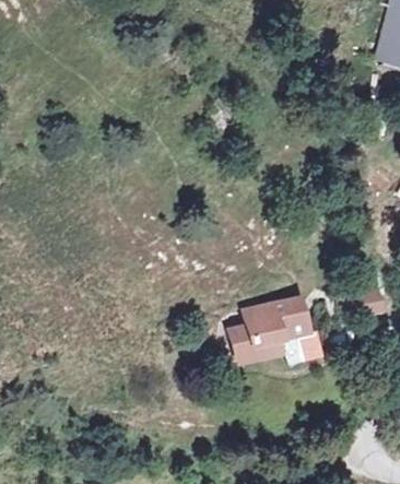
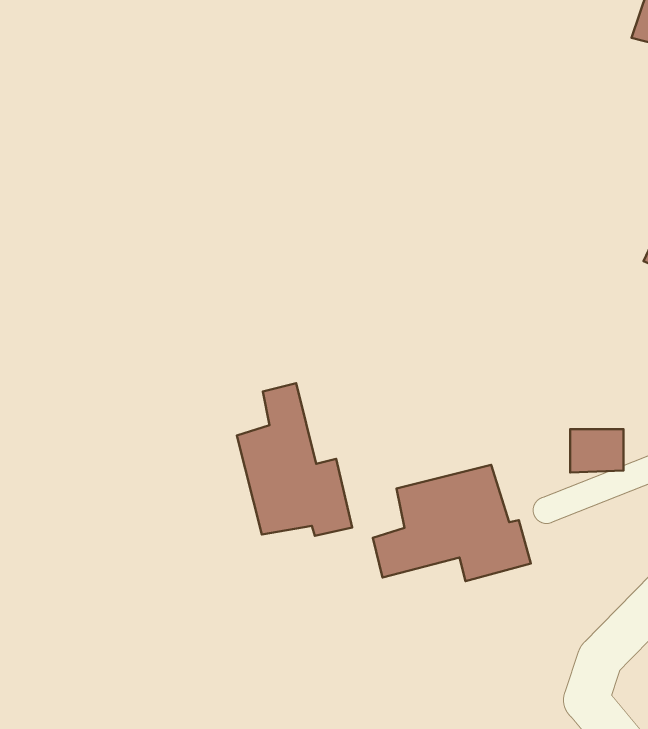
building: none -> [237,383,352,536]

